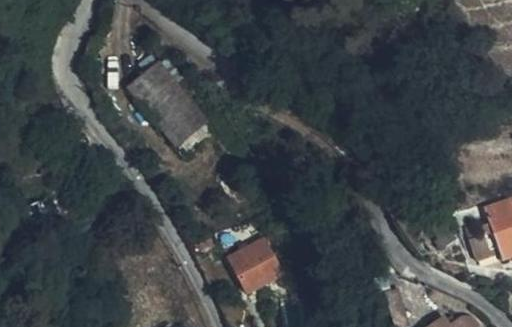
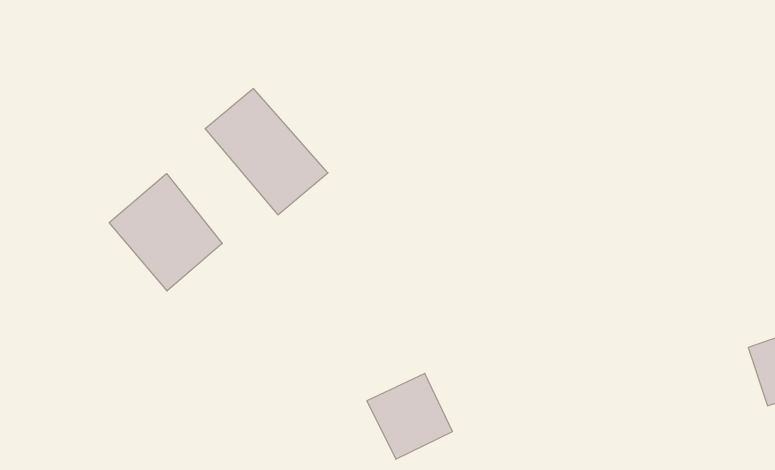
building: none -> [109,174,222,291]

